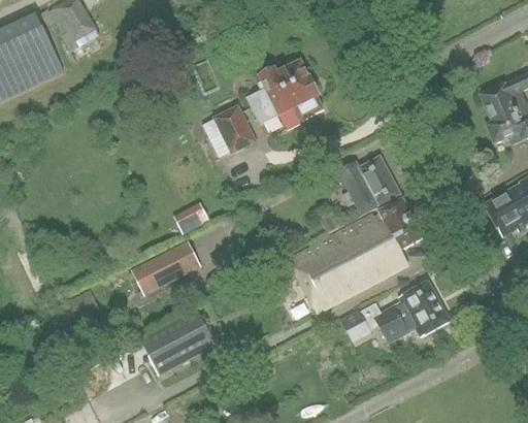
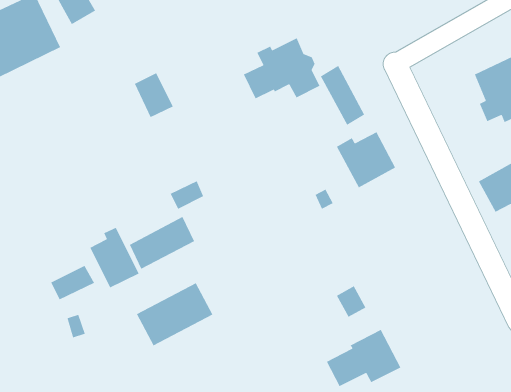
building: none -> [320,65,365,126]
building: [213,105,254,152] -> [134,72,174,118]
building: [290,198,426,310] -> none
building: none -> [89,227,140,289]
building: [375,281,452,339] -> [326,329,402,387]

